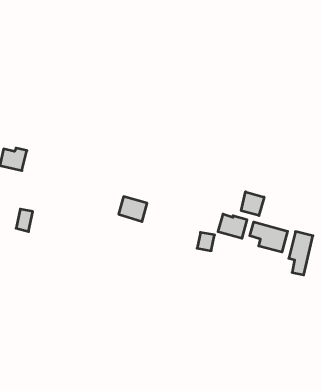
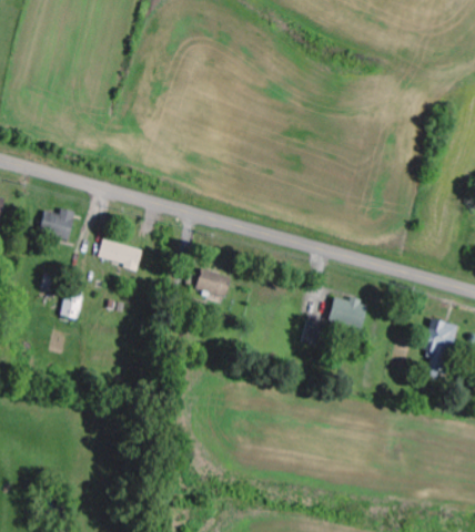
building: none -> [99,241,144,270]
building: [241,192,264,216] -> none
building: [250,222,288,252] -> none

